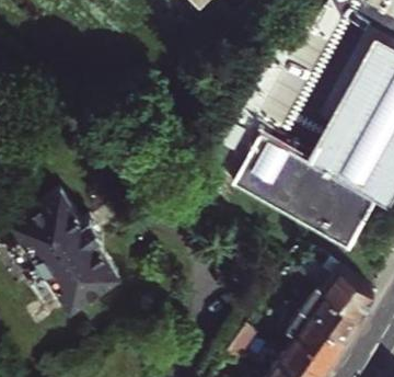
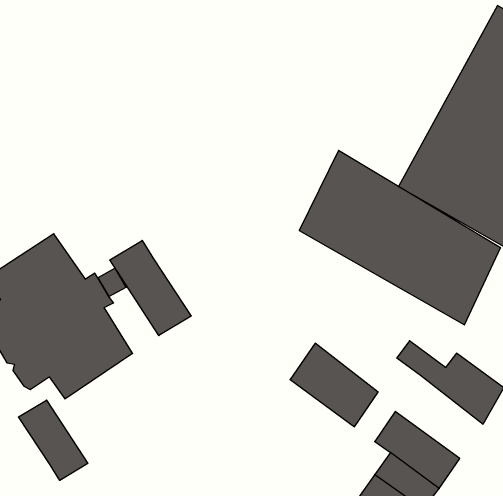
building: none -> [110,240,191,336]
building: [300,285,361,343] -> [290,343,378,427]
building: none -> [18,400,88,480]

